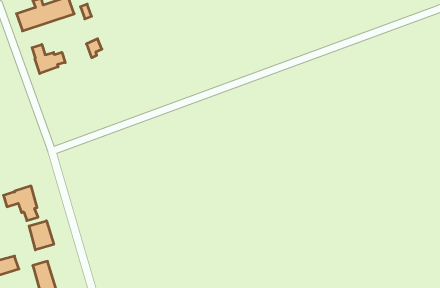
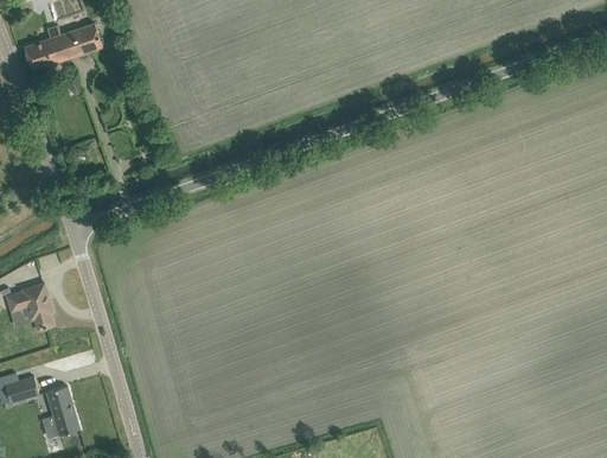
building: [32,44,65,74] -> none
building: [29,221,54,250] -> none

